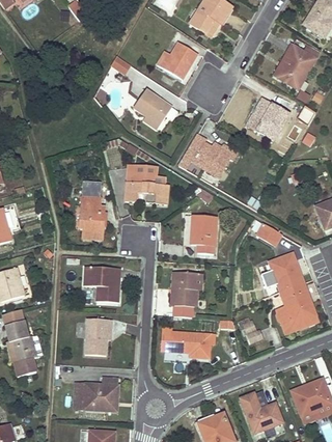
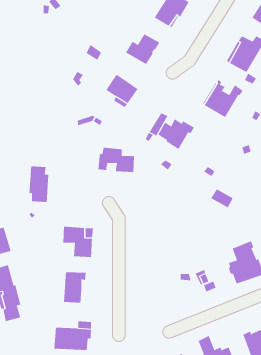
building: [80,196,104,239] -> [29,166,49,202]
building: [191,215,216,253] -> none
building: [261,253,303,292] -> none
building: [172,272,202,307] -> none
building: [170,331,214,357] -> none

